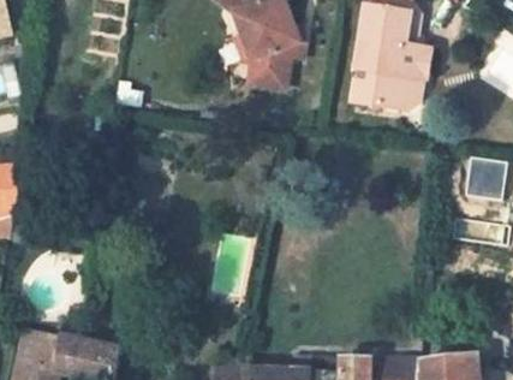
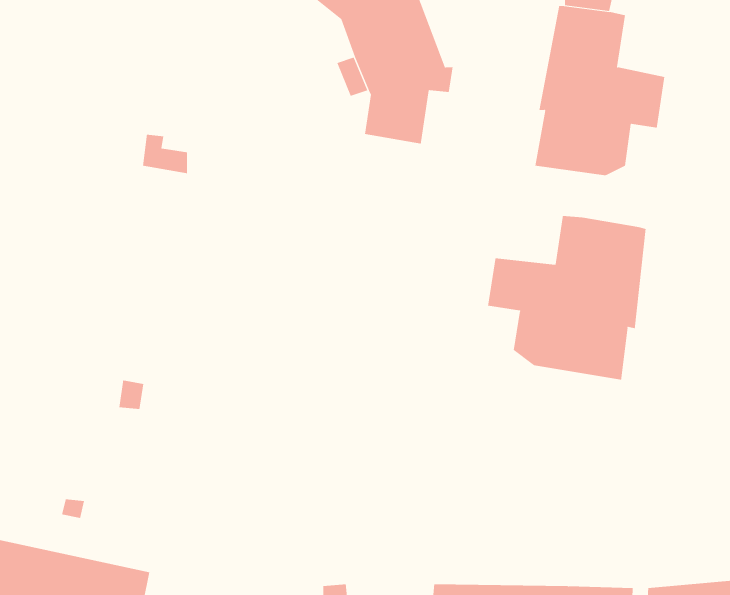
building: none -> [488,215,646,380]

